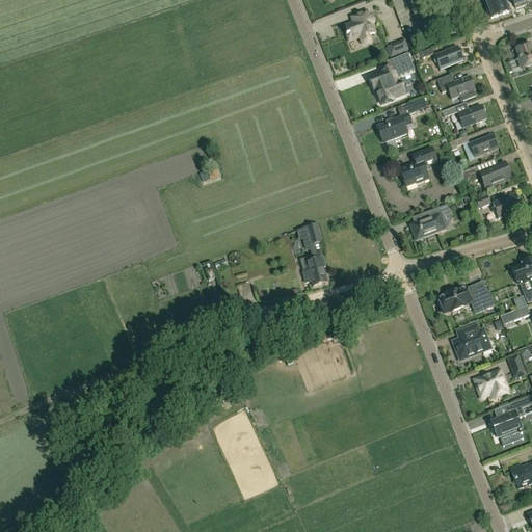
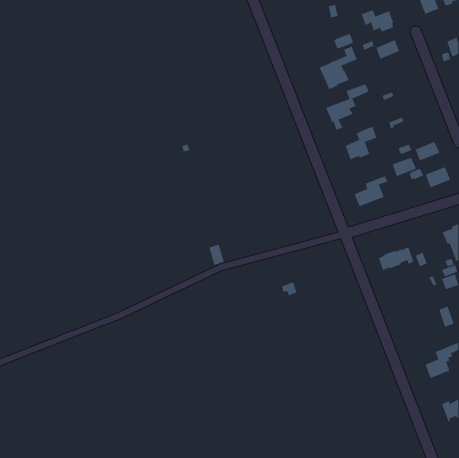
building: [345,10,374,45] -> none
building: [436,74,475,100] -> [361,10,394,32]
building: [457,104,486,127] -> none
building: [469,134,498,157] -> [392,157,417,177]
building: [300,223,327,285] -> none
building: [451,323,493,362] -> none
building: [475,369,508,400] -> none

